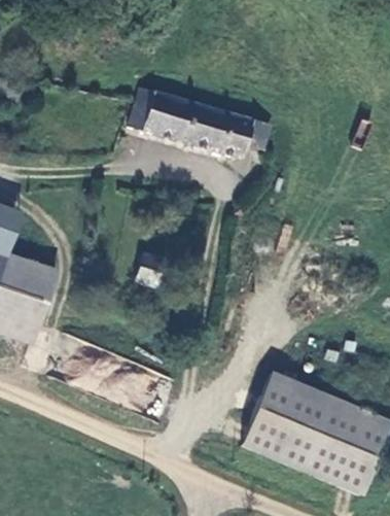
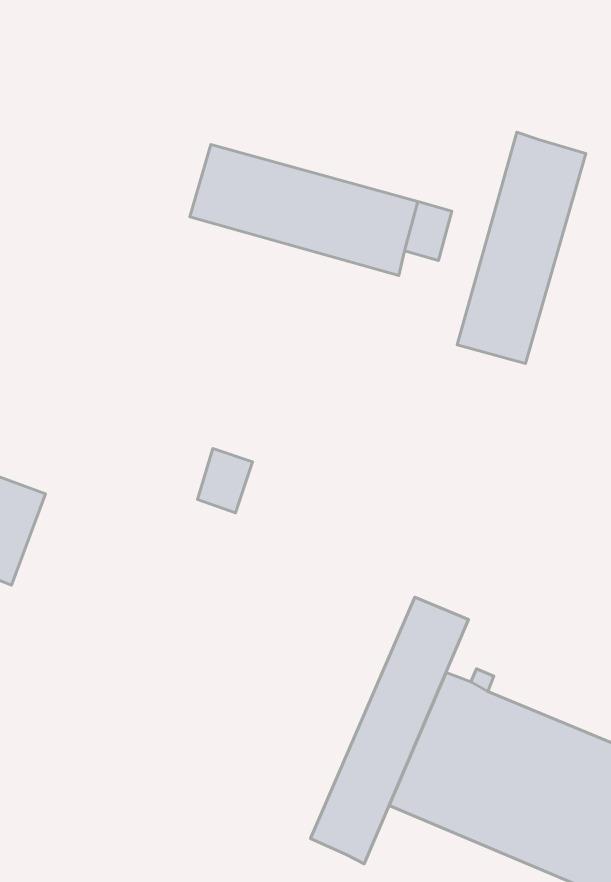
building: none -> [457,132,586,363]
building: none -> [311,597,469,864]

